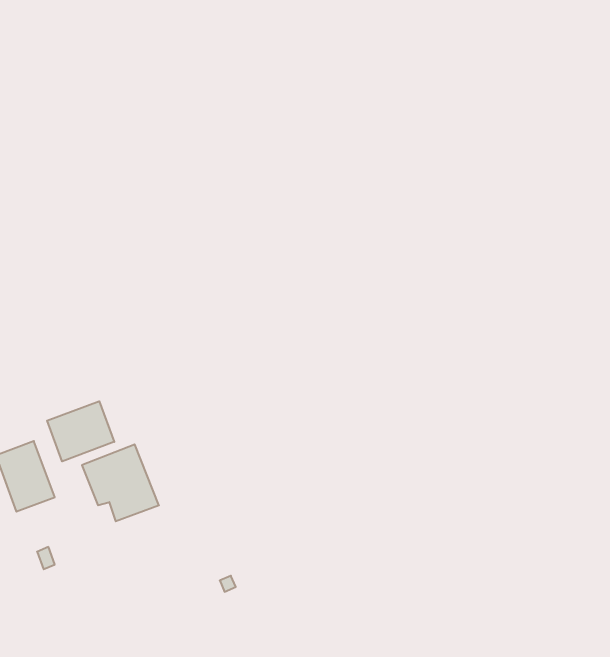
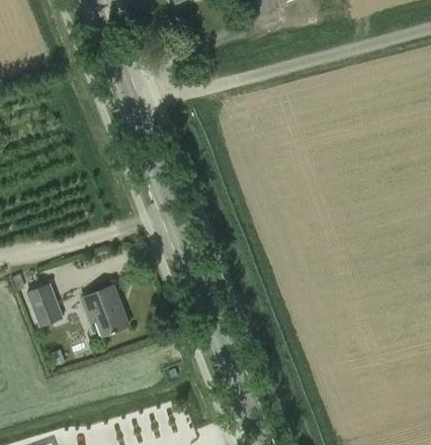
building: [47,401,114,461] -> none

